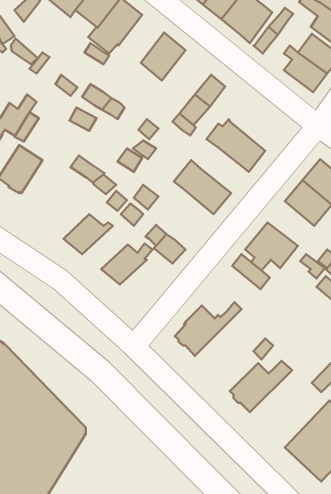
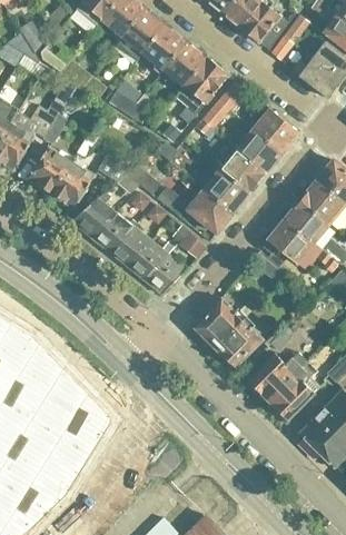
building: none -> [142,24,186,70]
building: none -> [176,58,228,115]
building: none -> [248,106,298,153]
building: none -> [220,150,266,194]
building: none -> [50,162,93,208]
building: none -> [187,190,233,235]
building: none -> [71,194,115,237]
building: none -> [284,201,328,244]
building: none -> [108,225,151,266]
building: none -> [144,257,186,296]
building: none -> [215,317,261,367]
building: none -> [267,361,319,420]

